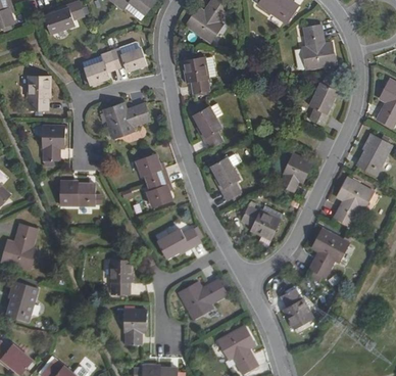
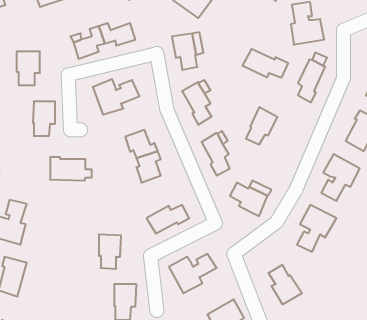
building: none -> [243,49,288,78]
building: [280,153,311,191] -> [246,107,277,145]

